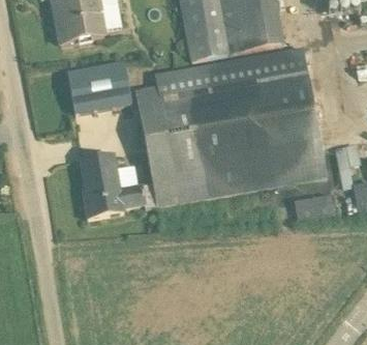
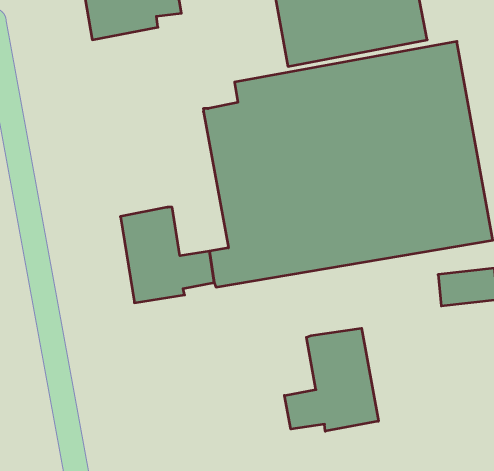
building: [67,62,131,113] -> none
building: none -> [284,328,378,431]

